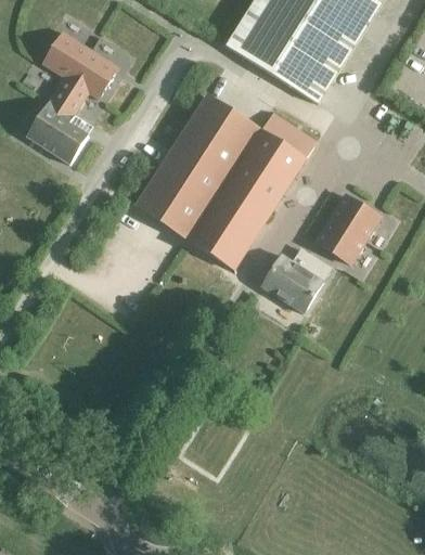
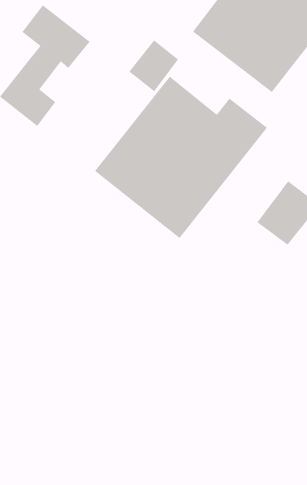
building: none -> [128,39,179,92]
building: [262,253,332,312] -> none

